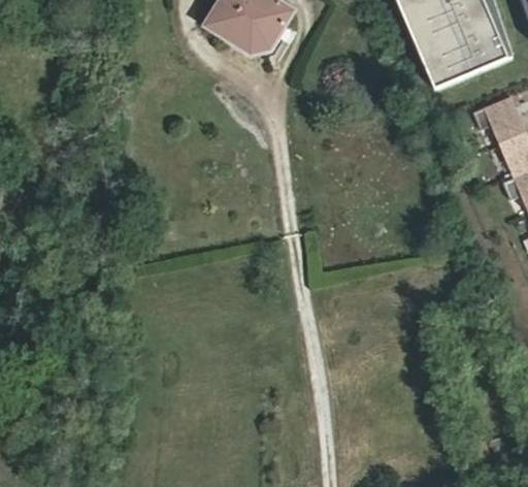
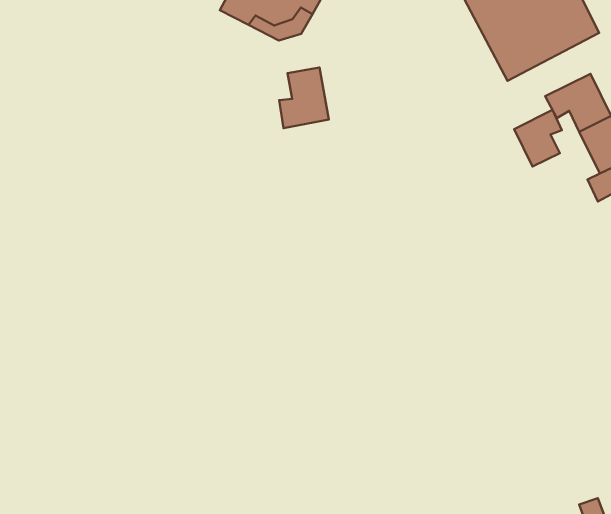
building: none -> [279,68,329,128]
building: none -> [514,110,562,166]

